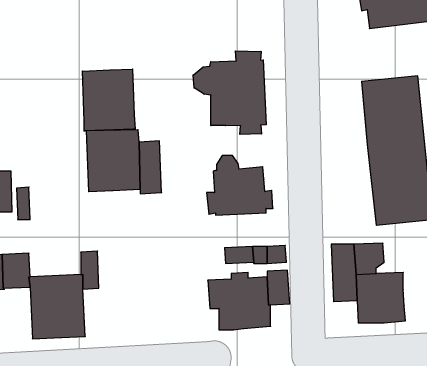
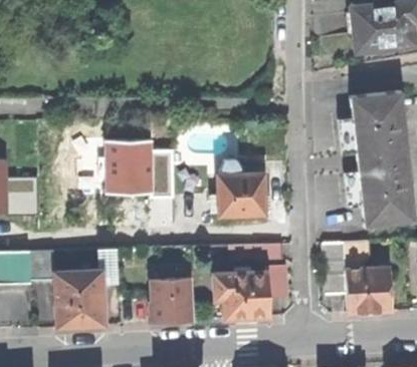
building: [193,51,266,134] -> none
building: [82,69,135,131] -> none
building: none -> [151,277,194,323]

